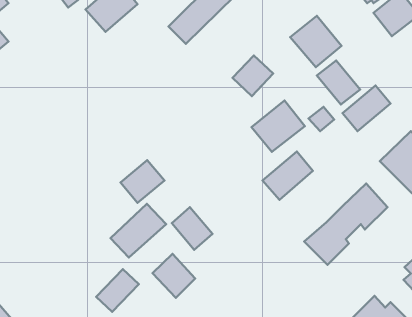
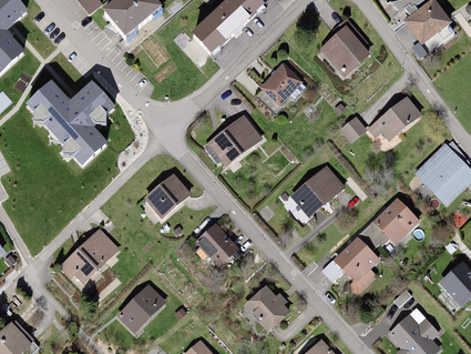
building: [317,60,360,105] -> none
building: none -> [25,82,114,168]
building: [252,101,305,152] -> [206,117,262,170]
building: [111,204,166,257] -> [60,231,117,286]
building: [152,254,195,298] -> [245,284,289,330]

